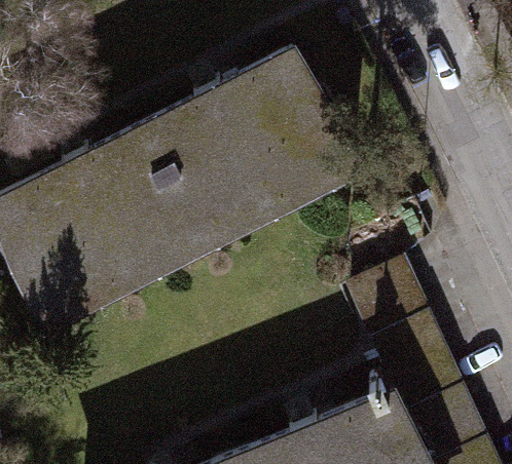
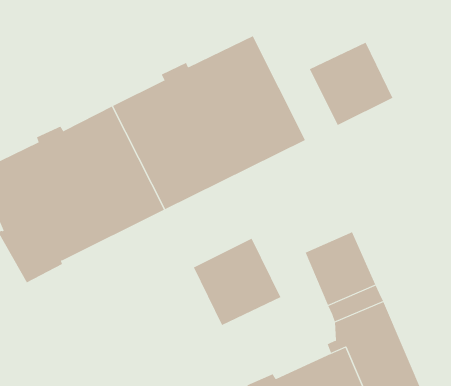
building: none -> [309,42,393,126]
building: none -> [193,238,281,326]

